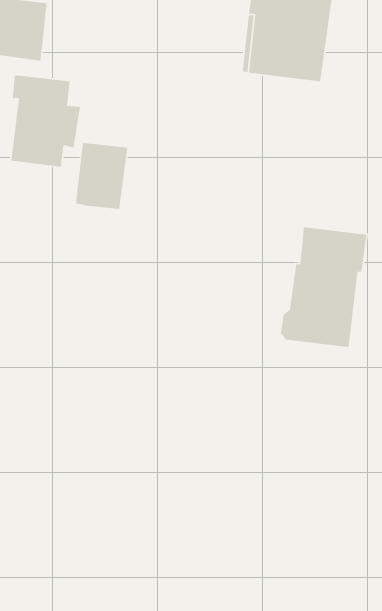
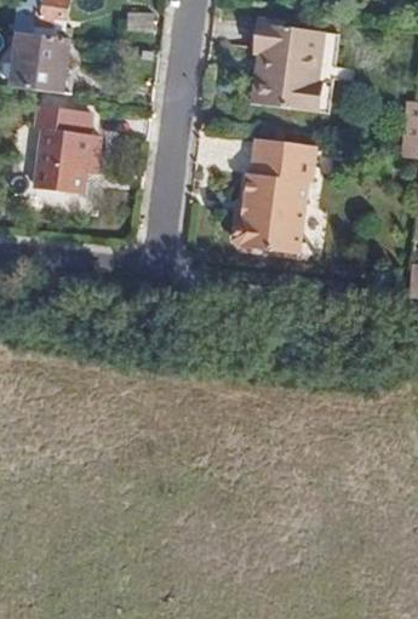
building: [75,142,128,210] -> none
building: [280,226,367,348] -> [234,137,316,252]

